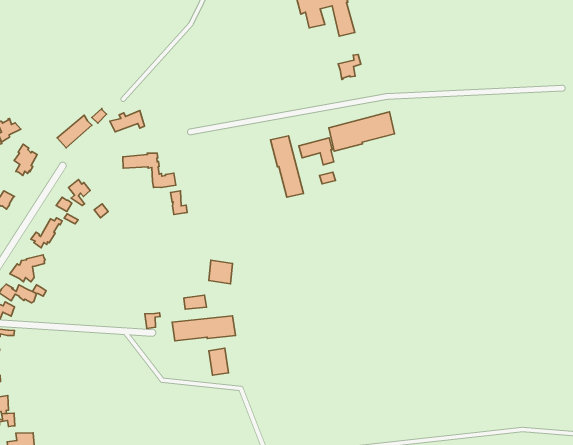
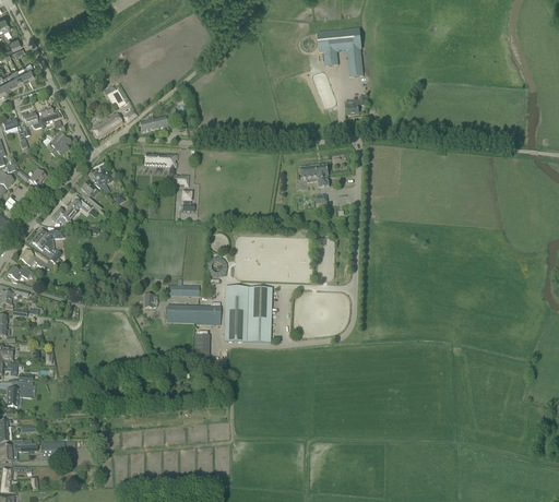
building: [329,112,395,151] -> none
building: [270,136,304,197] -> none
building: none -> [222,286,271,342]

